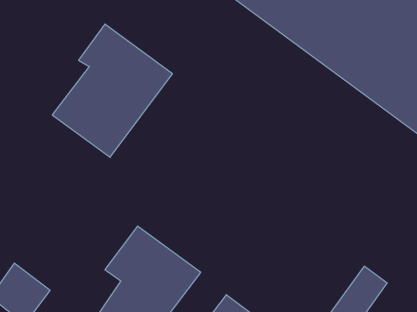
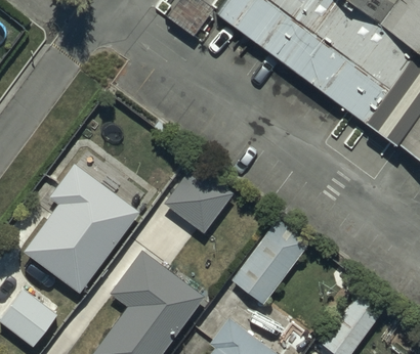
building: [52,24,172,157] -> [23,163,139,292]
building: none -> [165,163,234,232]
building: none -> [233,232,300,304]

